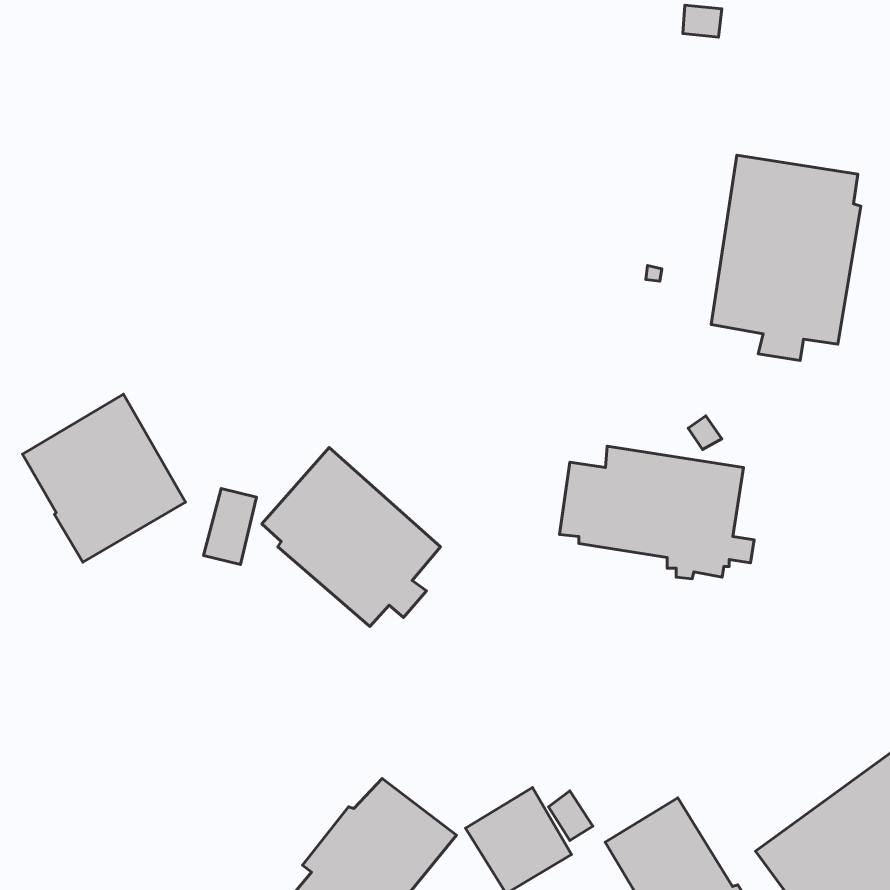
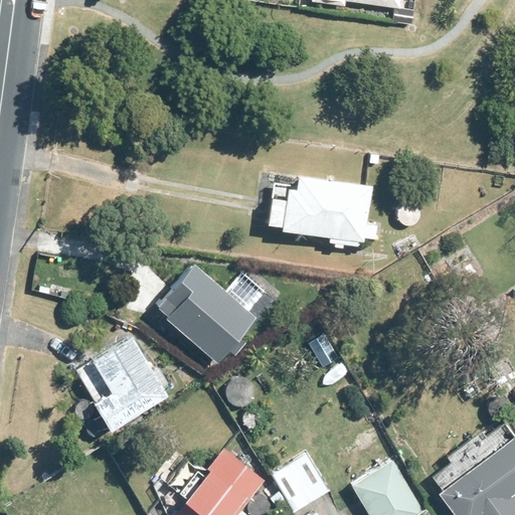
building: [711,155,861,361] -> none
building: [23,394,185,562] -> [75,336,168,432]
building: [559,446,754,579] -> [269,175,379,250]

